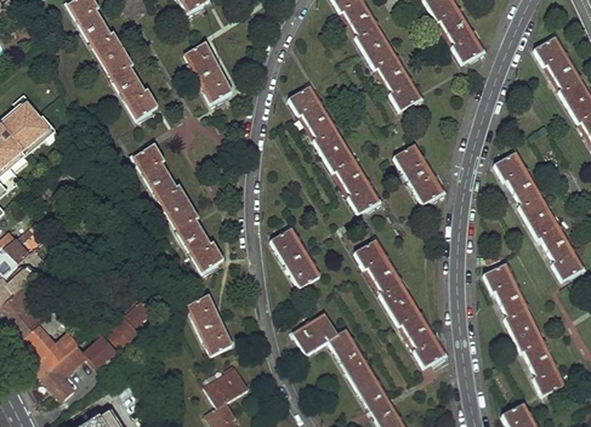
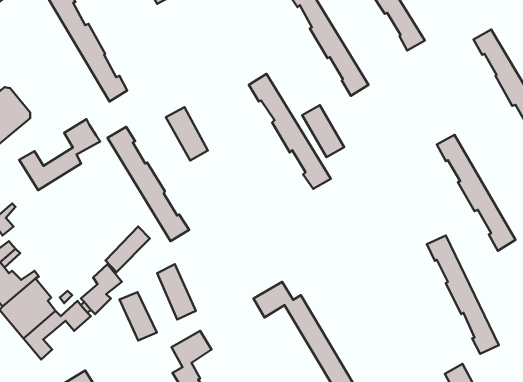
building: [184,42,231,101] -> [166,107,208,160]
building: none -> [19,119,100,190]
building: [396,144,442,201] -> [302,105,344,157]
building: [271,228,319,285] -> none
building: [356,239,444,365] -> none
building: none -> [106,226,150,272]
building: none -> [120,292,157,341]

